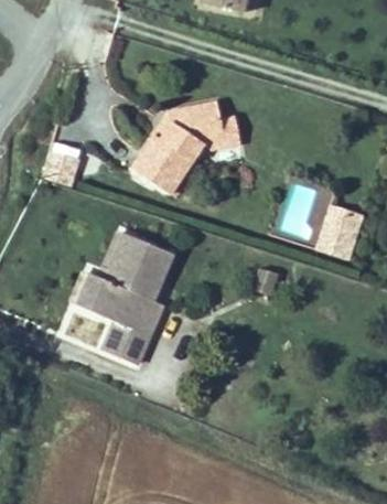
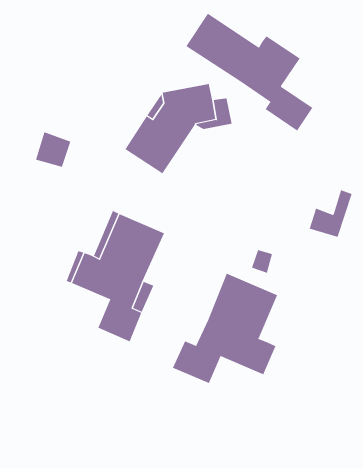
building: none -> [186,13,313,132]
building: none -> [172,273,278,384]

